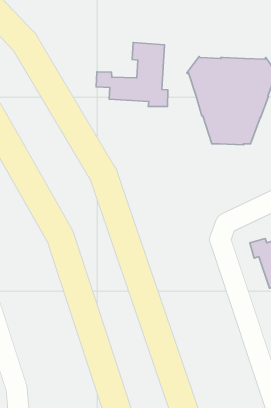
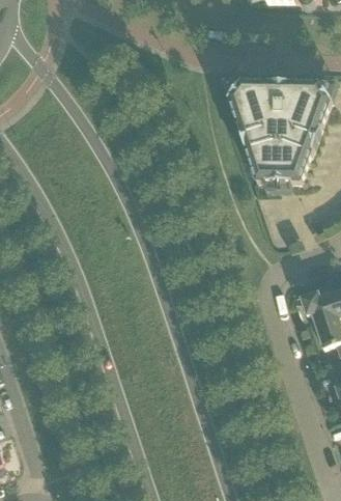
building: [96,43,168,107] -> none

